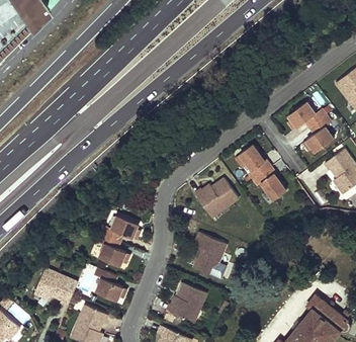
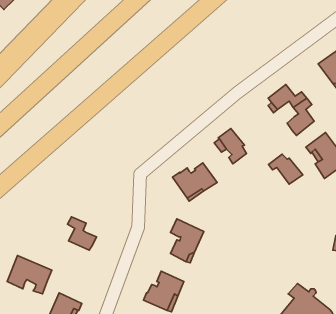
building: [253,169,286,198] -> [268,154,303,184]
building: [96,213,132,237] -> none
building: [93,267,121,301] -> none

